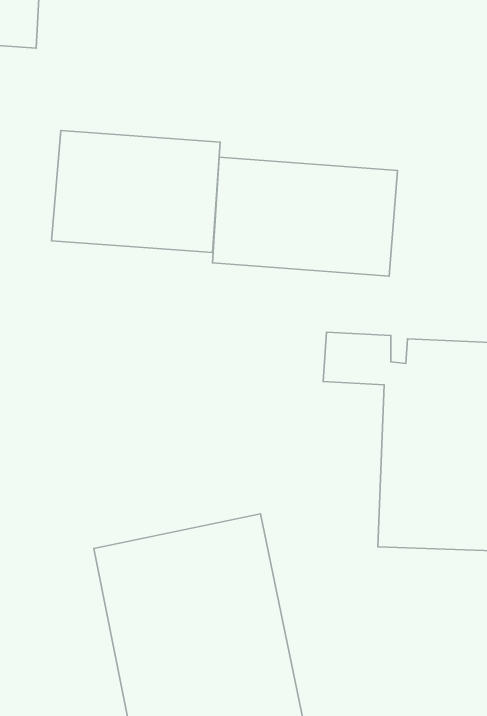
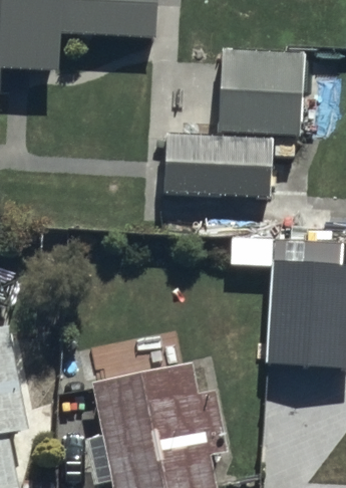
building: none -> [222,62,316,144]
building: [52,130,220,253] -> none

